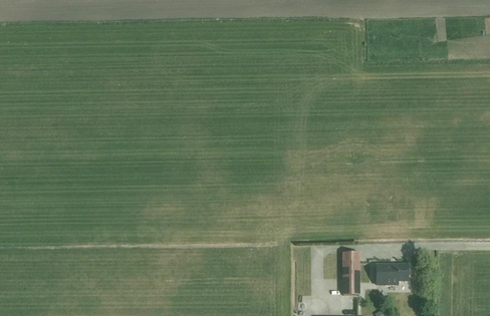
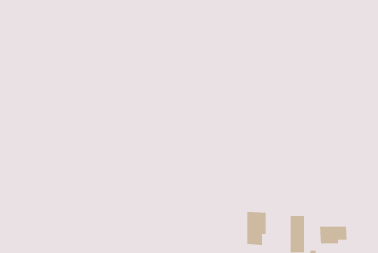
building: none -> [247,211,266,246]

